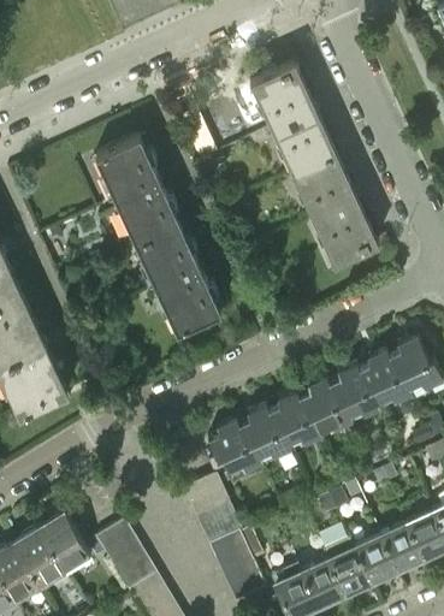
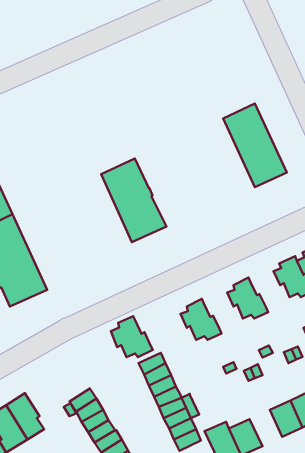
building: [253,66,335,173] -> none
building: [95,137,179,245] -> none
building: [328,366,381,419] -> none
building: [268,393,321,446] -> none
building: [207,421,261,474] -> [111,316,153,357]
building: [37,514,90,575] -> none
building: [322,539,369,597] -> none

